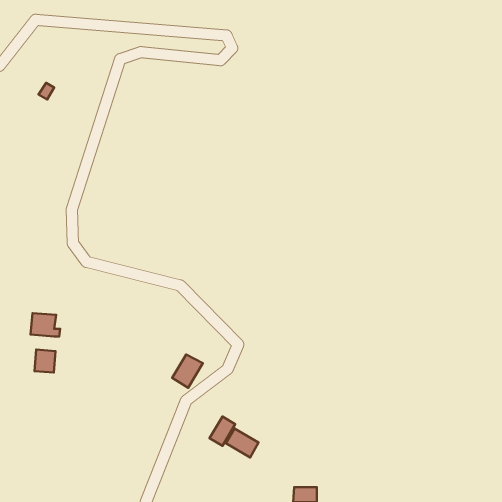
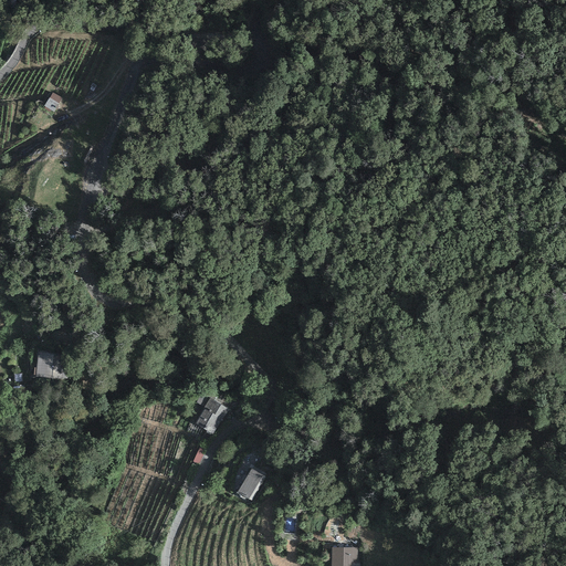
building: [34,350,56,373] -> none
building: [226,428,258,457] -> none

